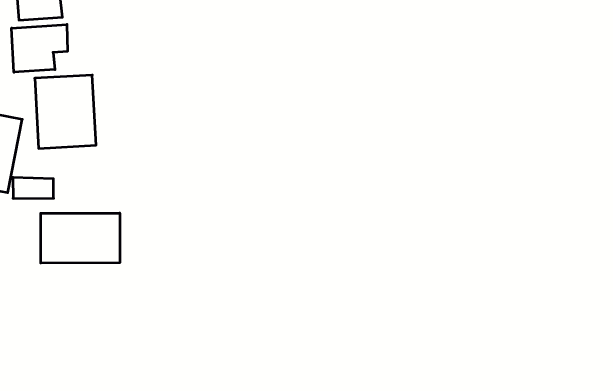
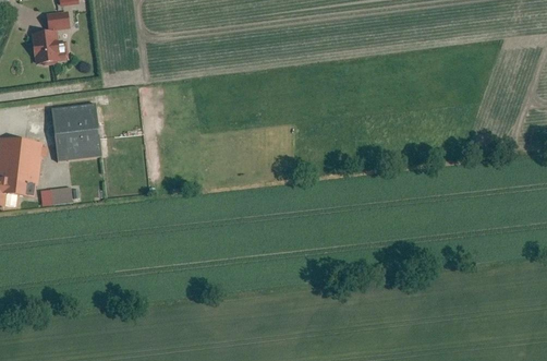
building: [12,24,67,72] -> none
building: [41,213,120,263] -> none

